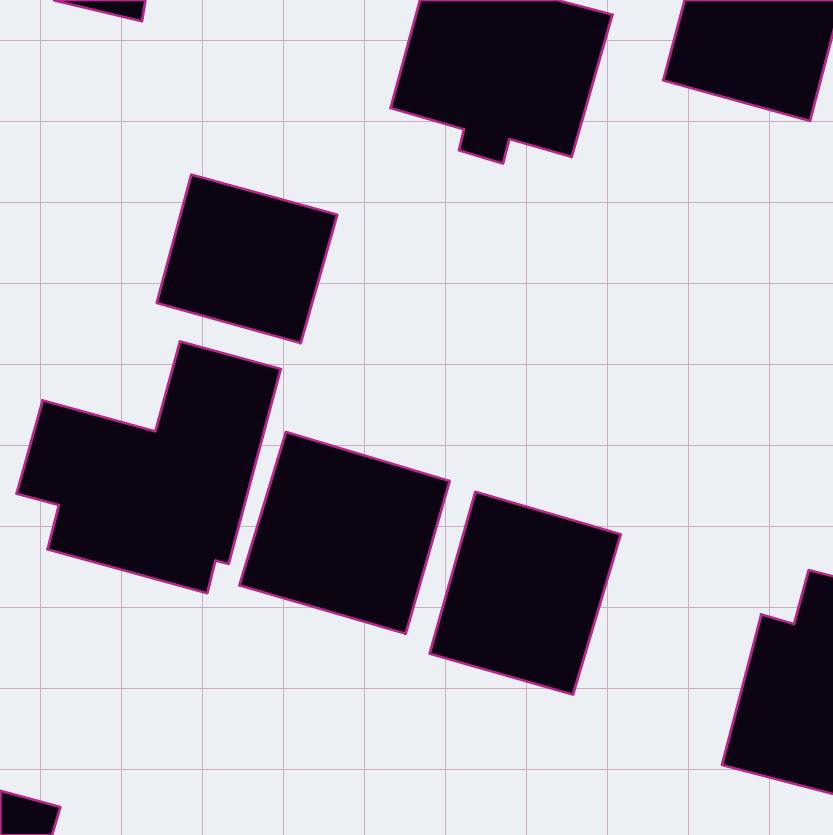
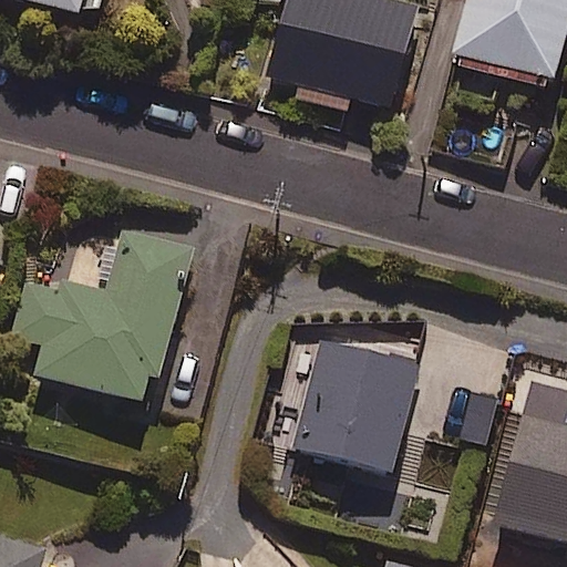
building: [157,175,337,343] -> none
building: [240,432,449,634] -> none

